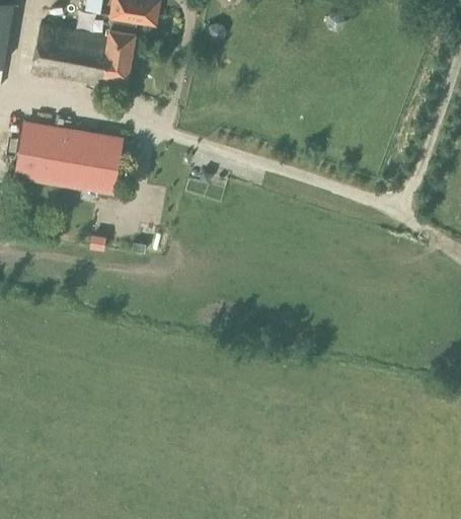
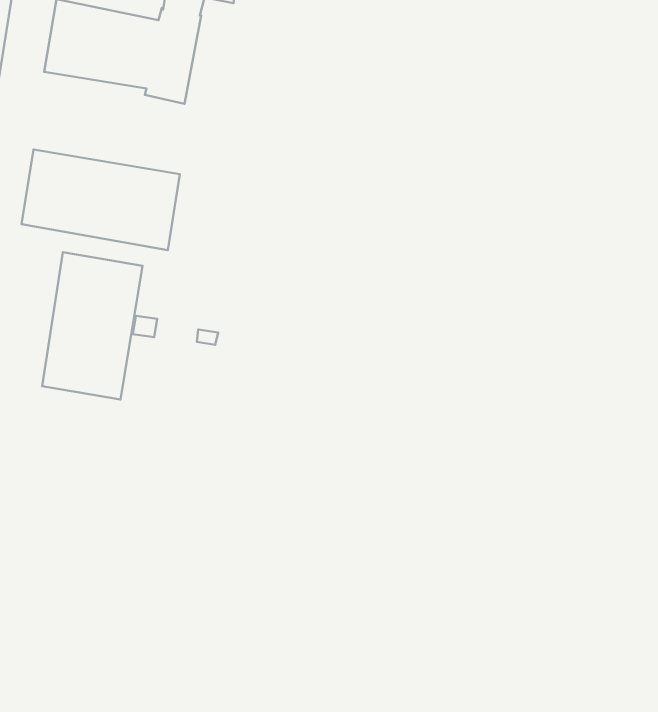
building: none -> [42,252,143,400]

